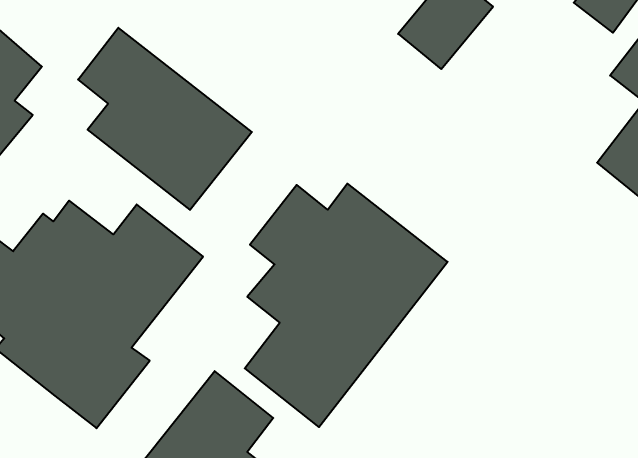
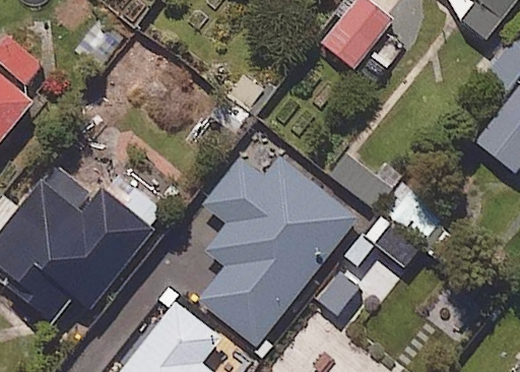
building: [78,28,252,210] -> none

